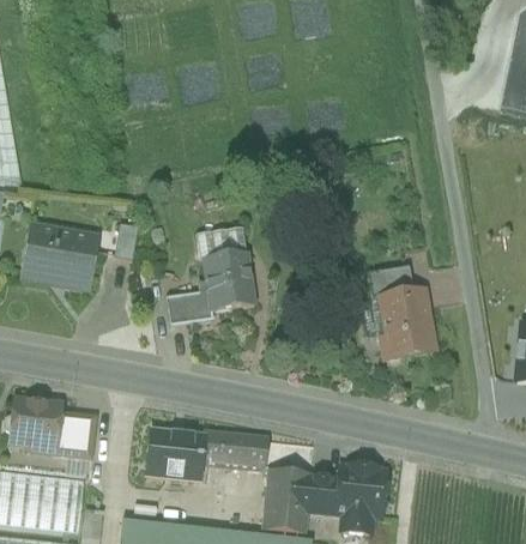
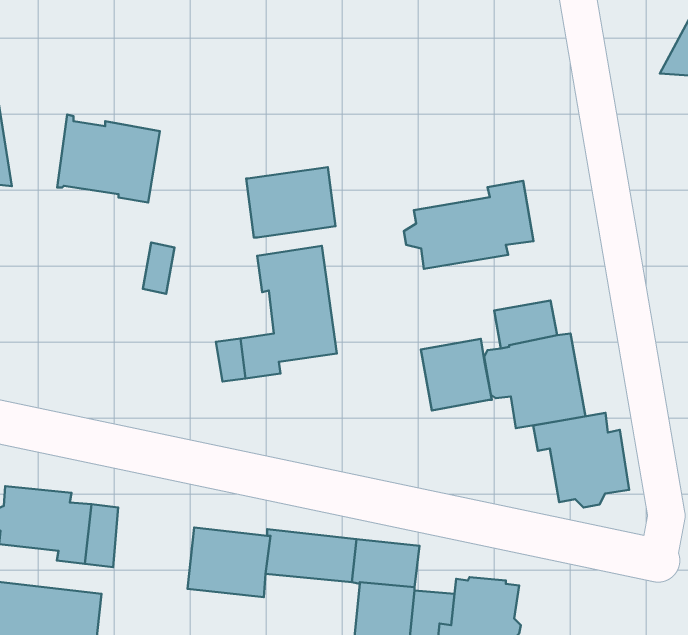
building: none -> [246,167,335,238]
building: none -> [404,181,533,269]
building: [22,226,96,290] -> [57,115,160,202]
building: none -> [421,339,492,410]
building: none -> [533,413,629,508]

